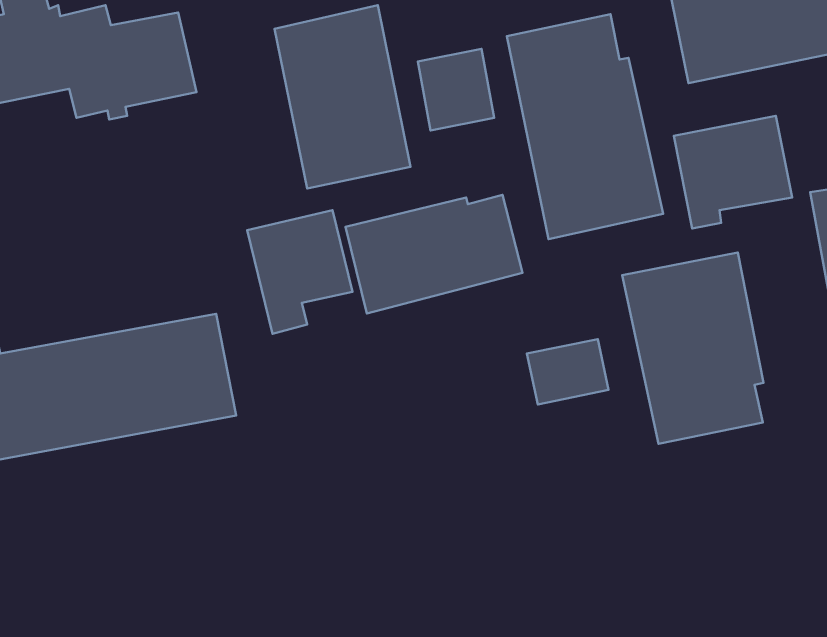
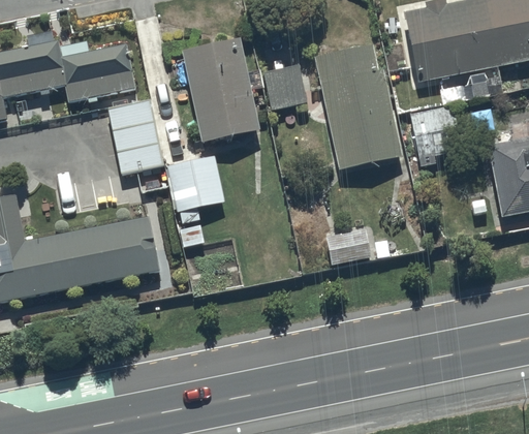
building: none -> [106,97,163,175]
building: [346,195,522,313] -> none
building: [622,252,764,444] -> none

